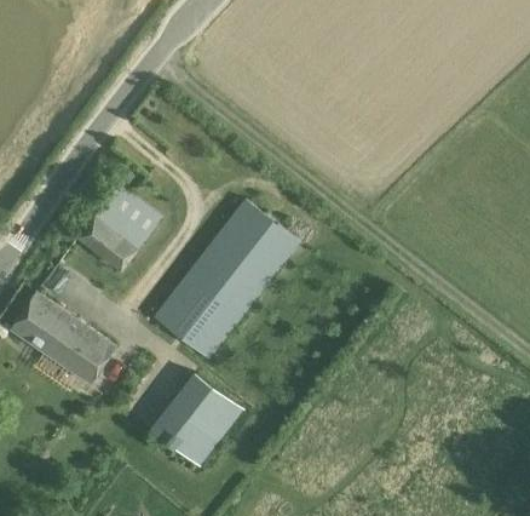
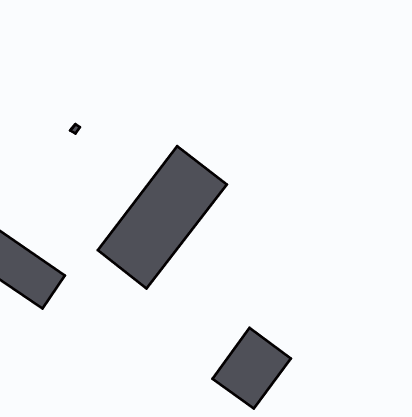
building: [77,183,162,269] -> none
building: [151,375,241,468] -> [213,328,291,408]

